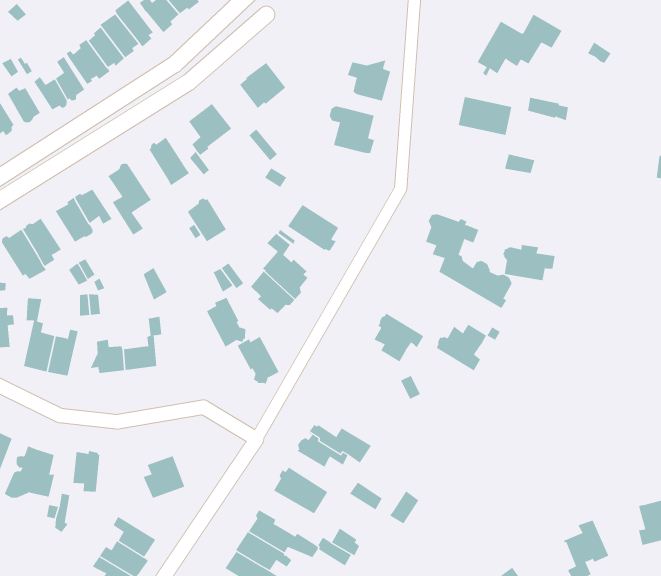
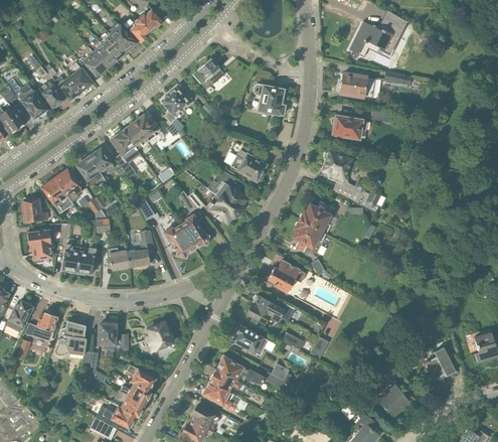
building: [347,60,391,101] -> none
building: [187,198,227,242] -> [123,121,150,150]
building: [502,245,555,281] -> [331,115,366,138]
building: [436,324,487,371] -> [299,202,332,234]
building: [237,336,279,384] -> [165,226,194,257]
building: none -> [268,261,305,294]

